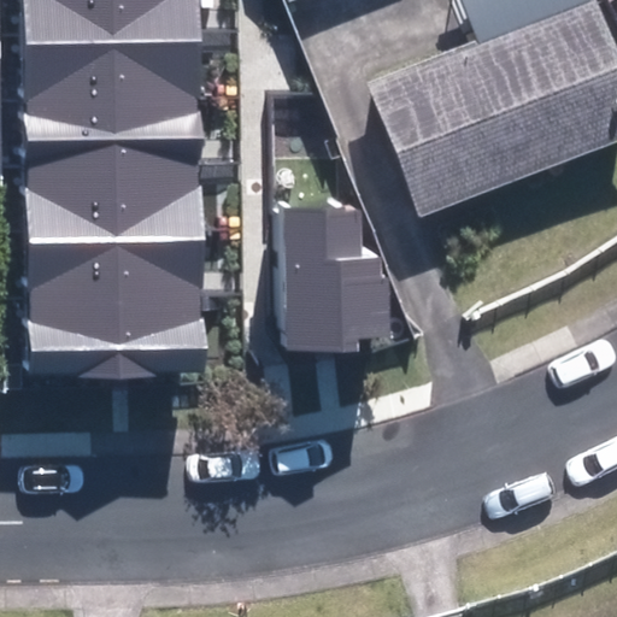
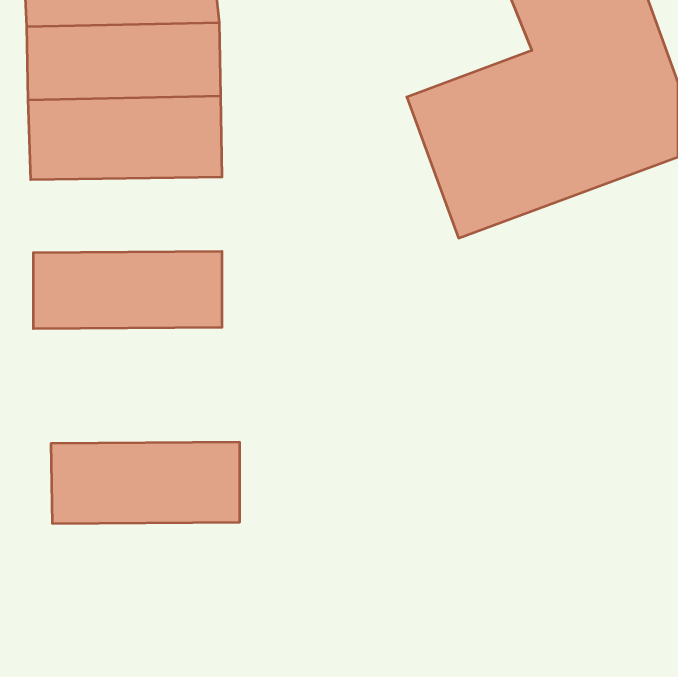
building: [28,160,201,229] -> none
building: [287,206,387,343] -> none
building: [30,296,201,370] -> [51,442,240,523]

